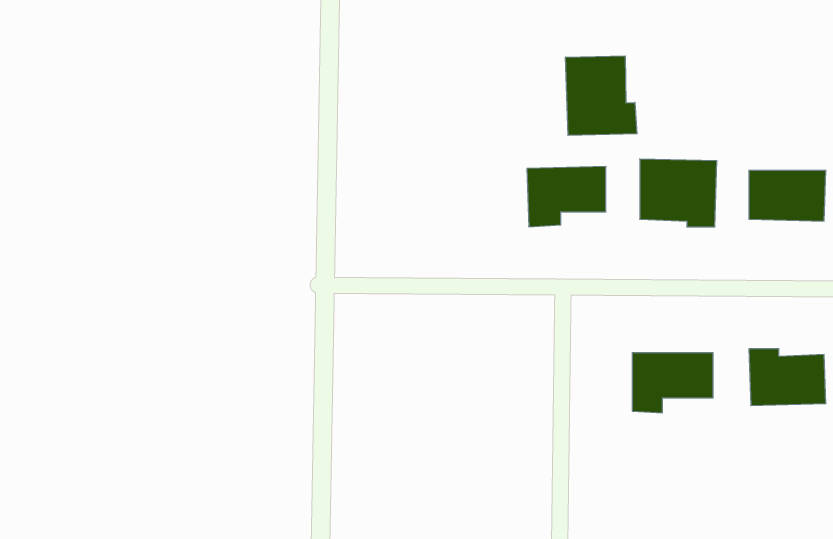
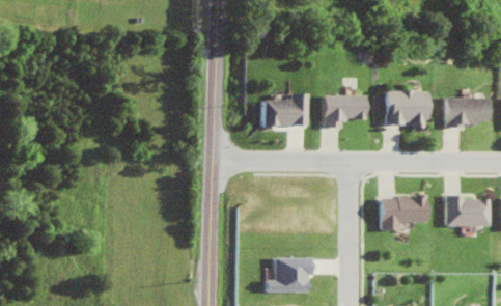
building: [566,56,637,136] -> none
building: none -> [261,92,307,126]
building: none -> [265,259,311,291]

